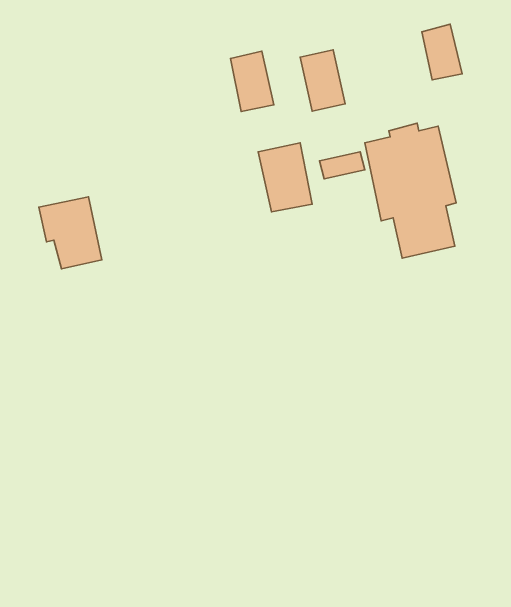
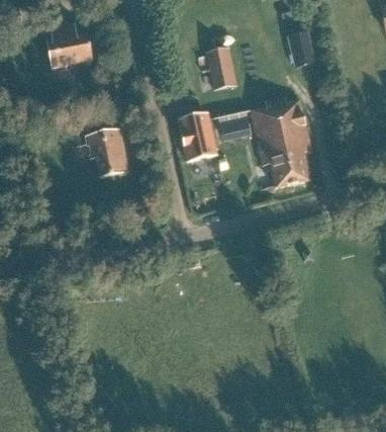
building: none -> [44,24,90,68]
building: [231,51,274,112] -> none
building: [39,197,102,269] -> [85,128,127,177]

